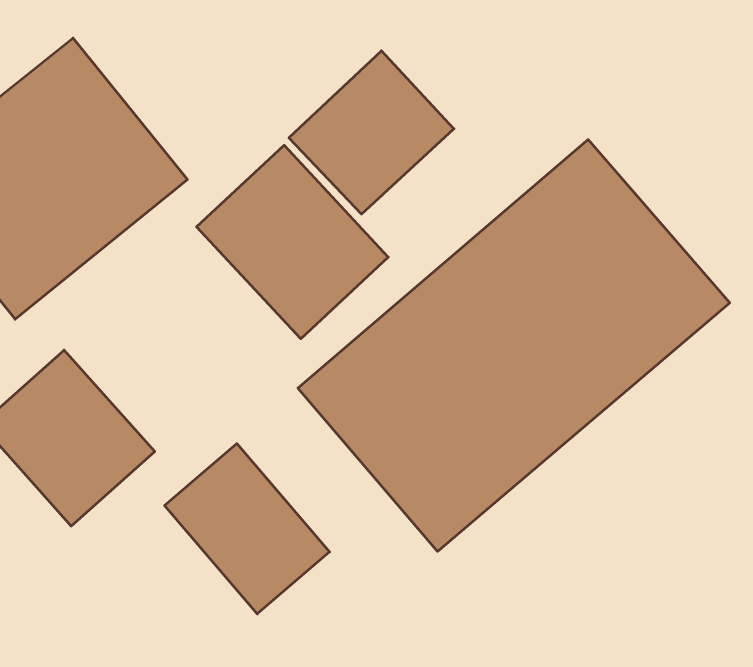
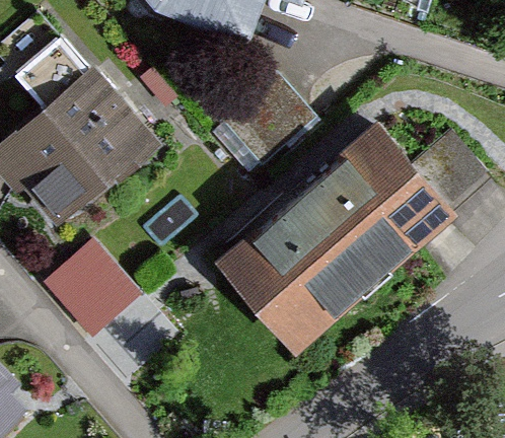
building: [197,145,388,339] -> none
building: [165,444,330,614] -> none

